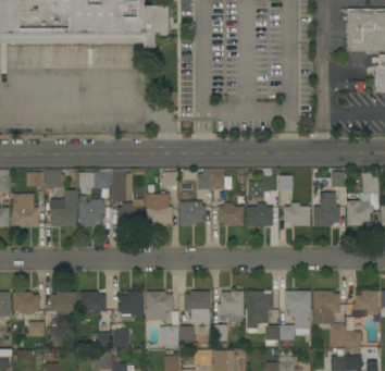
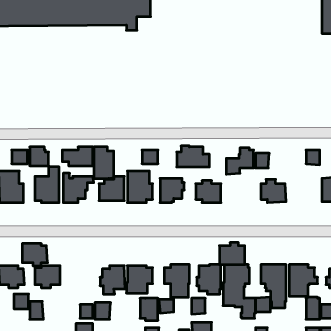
building: [314,193,340,225] -> none
building: [247,203,273,226] -> [219,243,245,265]
building: [80,292,107,314] -> [22,244,48,266]

